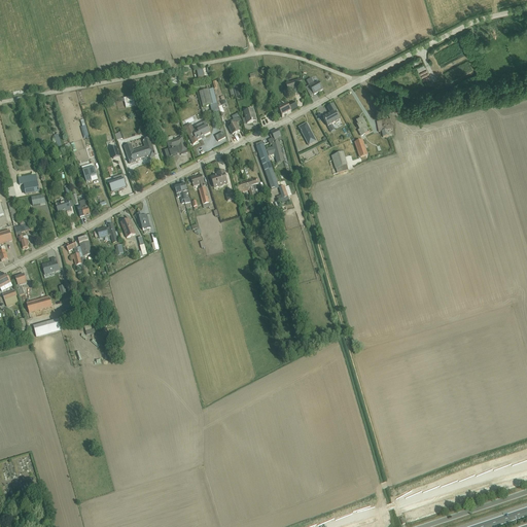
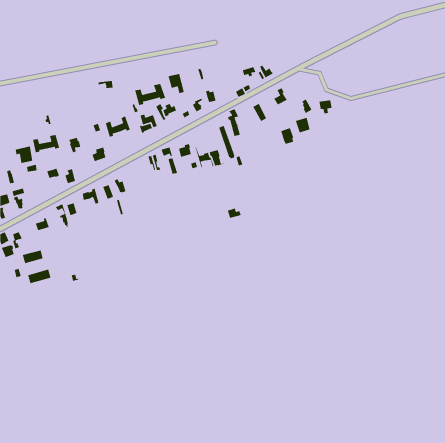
building: none -> [134,83,166,106]
building: none -> [32,134,60,153]

